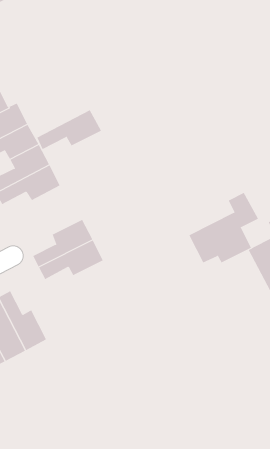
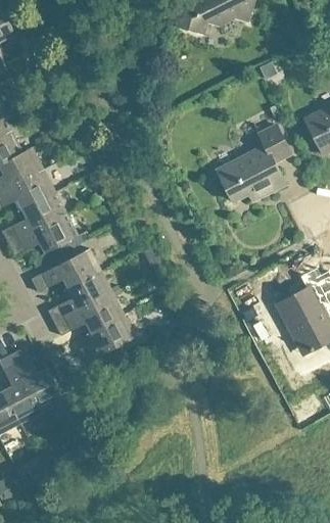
building: [36,110,102,150] -> [32,248,101,291]
building: [189,192,259,263] -> [217,124,291,199]
building: none -> [81,315,135,361]

